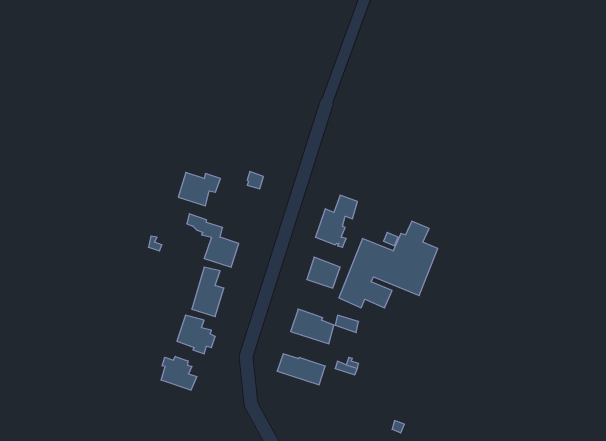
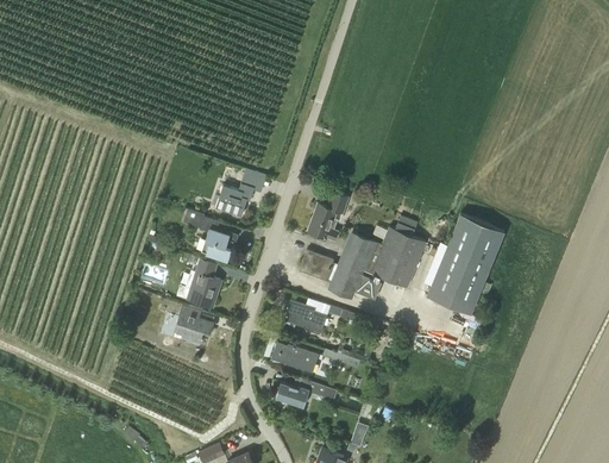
building: [178,172,220,206] -> [215,184,256,217]
building: none -> [427,214,504,313]
building: [161,356,197,390] -> none
building: none -> [276,381,337,407]

